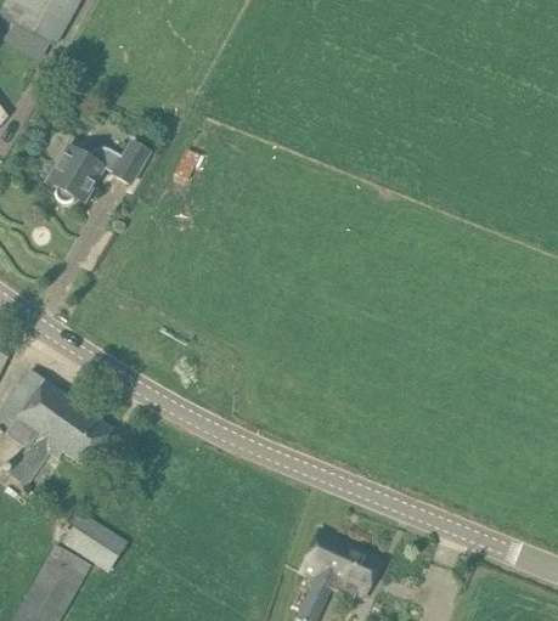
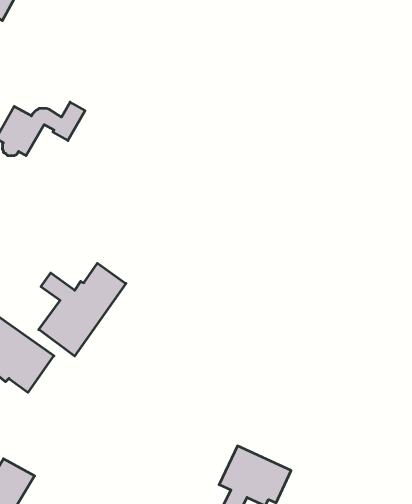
building: none -> [39,263,126,356]
building: [58,512,126,571] -> none

